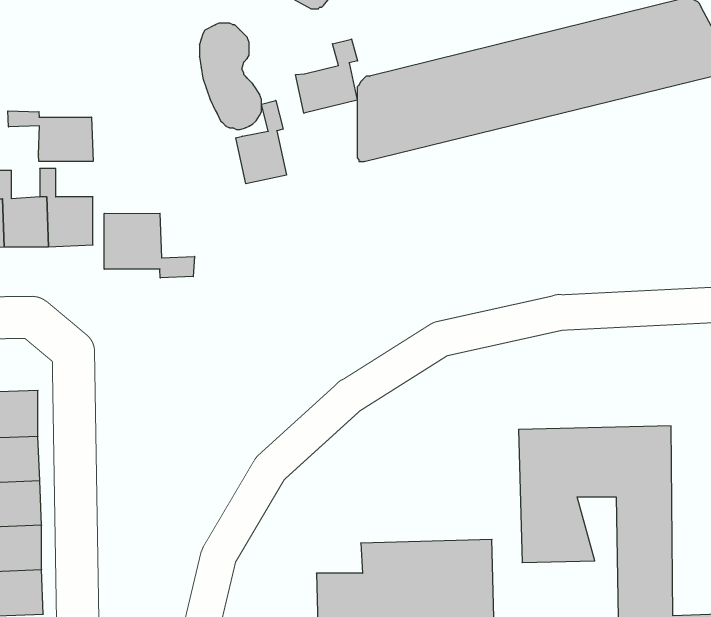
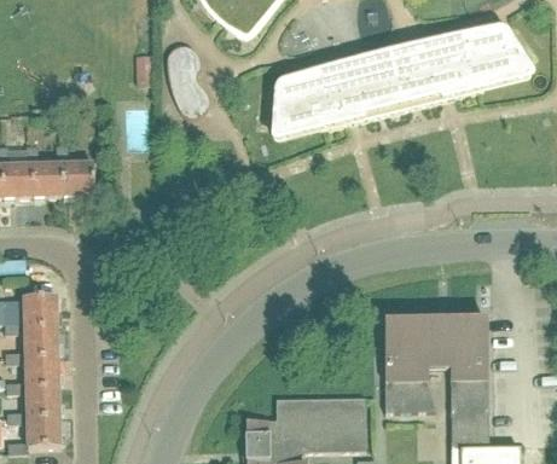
building: [296,39,358,113] -> none
building: [236,100,286,184] -> none
building: [8,111,93,161] -> none
building: [104,213,195,278] -> none

